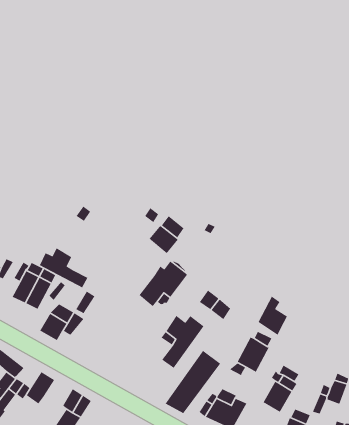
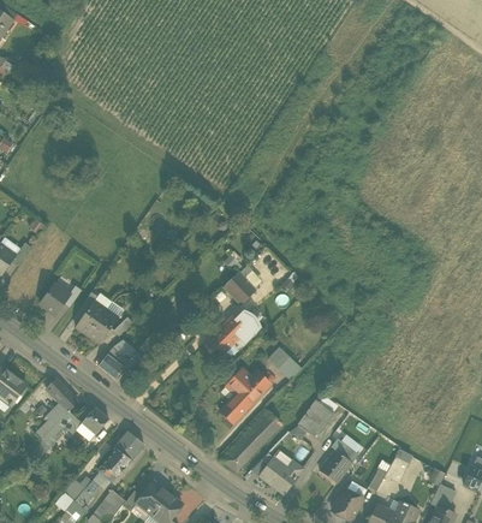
building: [39,247,89,289] -> none
building: [257,295,288,336] -> none

